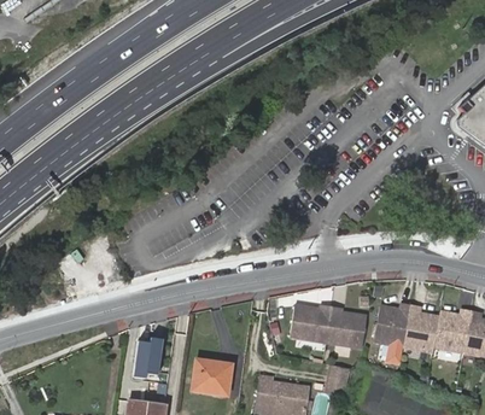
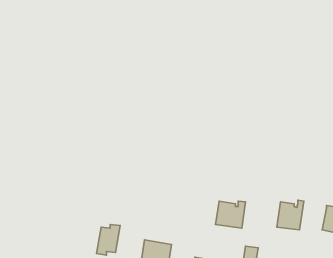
building: [404,306,440,350] -> none
building: [327,308,367,347] -> none

